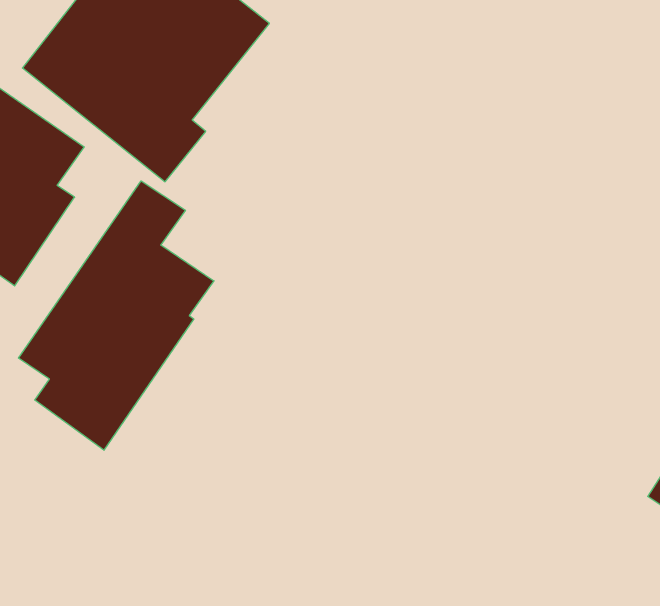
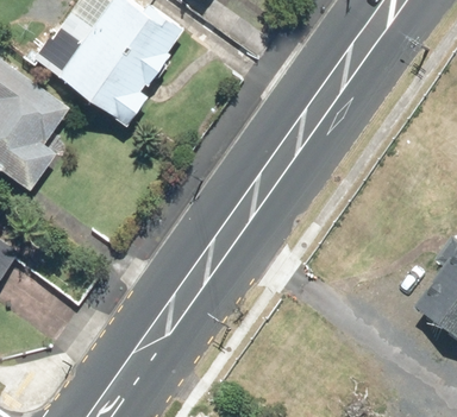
building: [18,181,214,450] -> none

